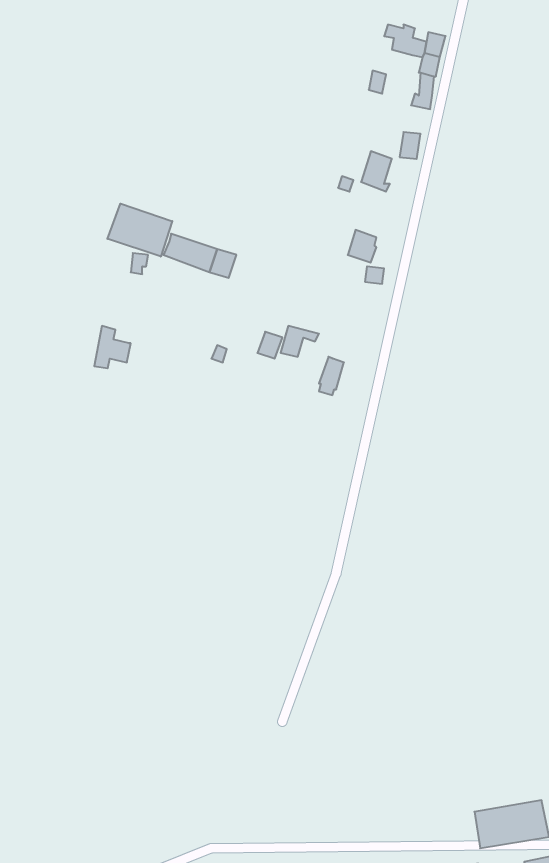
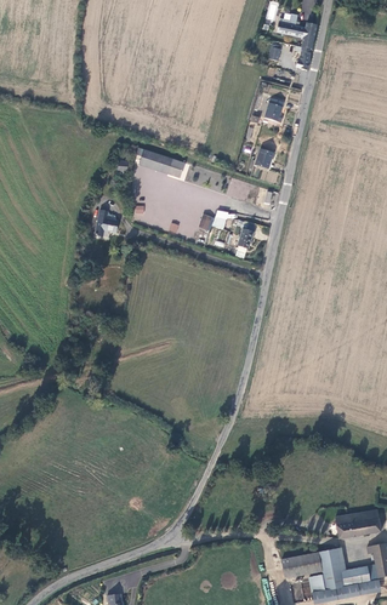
building: [107,204,172,257] -> none

